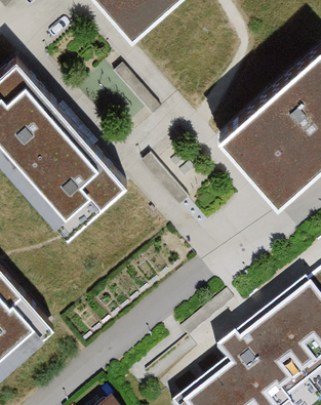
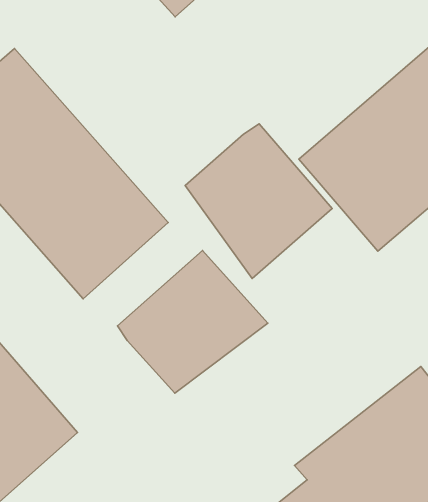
building: none -> [185,124,332,279]
building: none -> [117,250,268,393]

